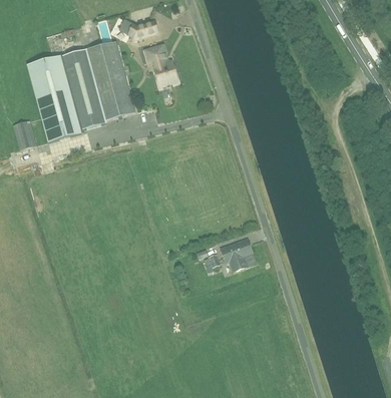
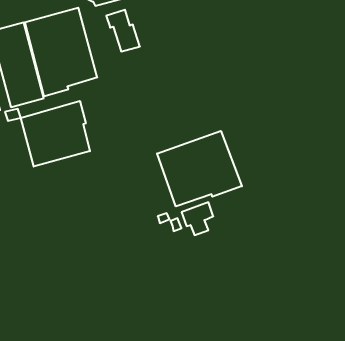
building: none -> [21,101,90,167]
building: none -> [157,131,242,206]

